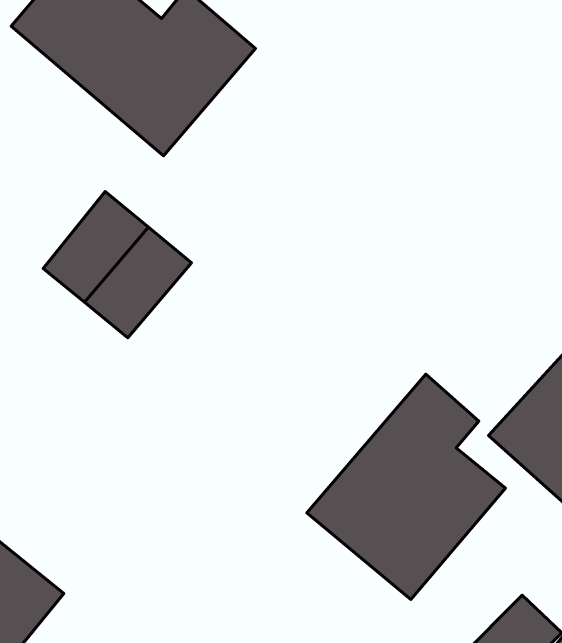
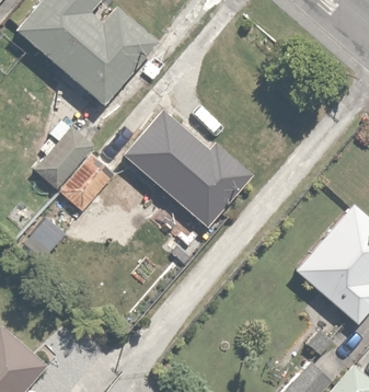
building: none -> [120,101,256,232]
building: [307,374,505,599] -> none

